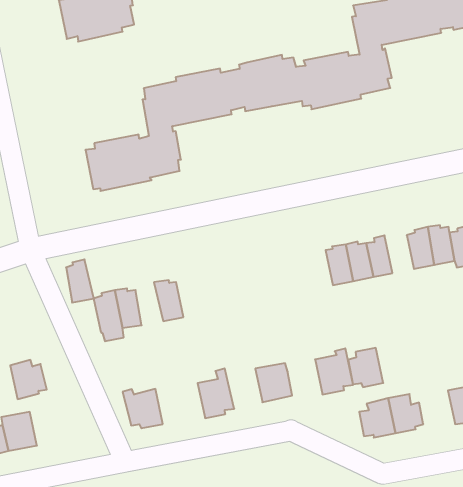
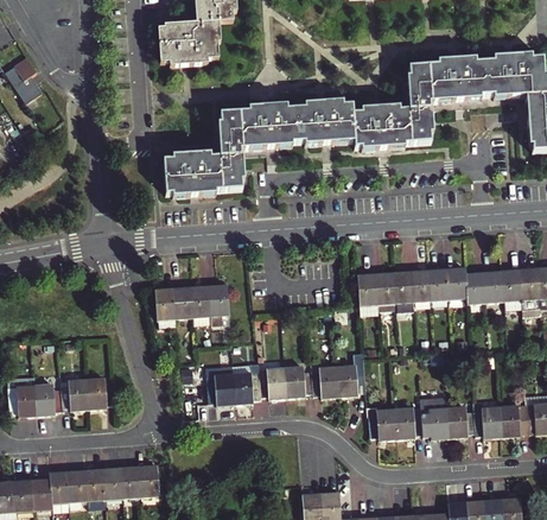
building: none -> [411,267,432,300]
building: [66,259,94,303] -> [191,281,211,317]
building: [348,348,383,387] -> [312,366,339,398]
building: [10,360,47,399] -> [87,376,115,408]
building: none -> [260,367,287,399]
building: [123,389,163,428] -> [205,370,236,405]
building: none -> [421,407,450,438]

